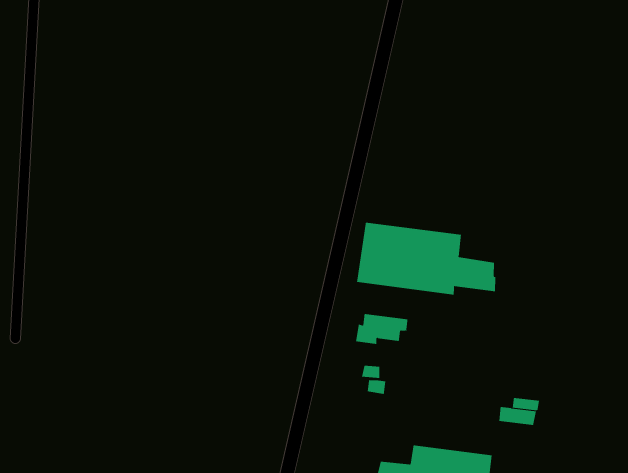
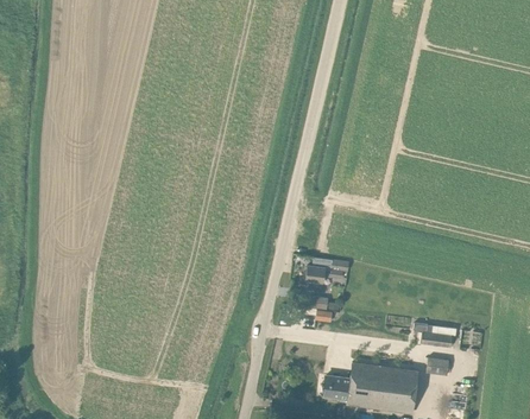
building: [356,222,496,295] -> none

